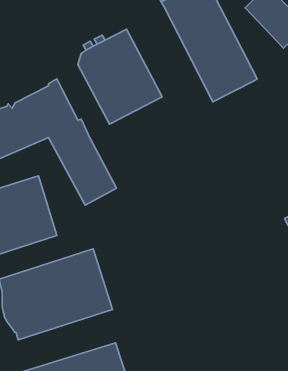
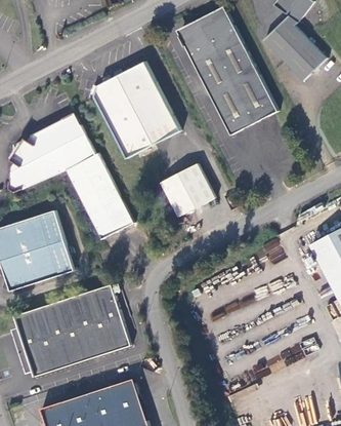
building: none -> [161,162,216,217]

